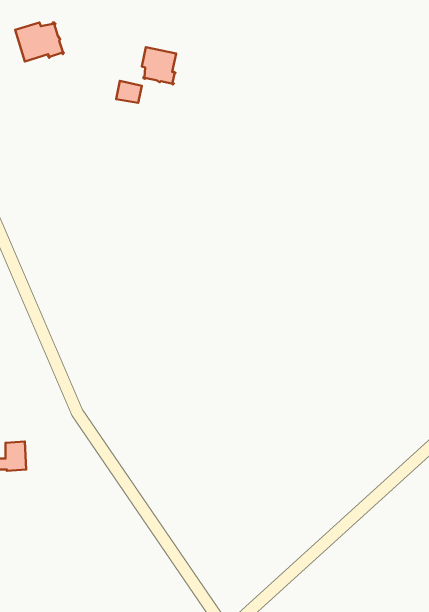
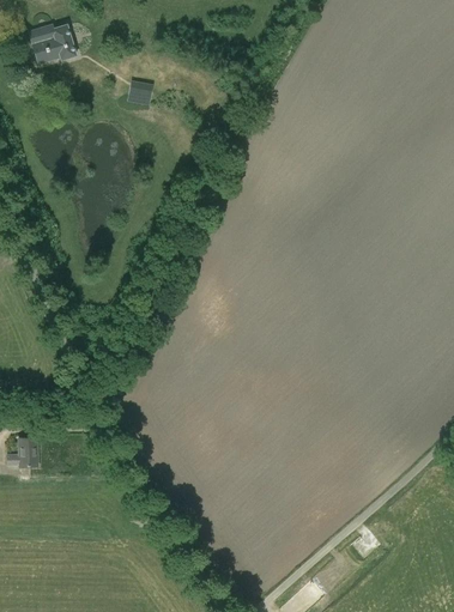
building: [142,47,176,84] -> none

